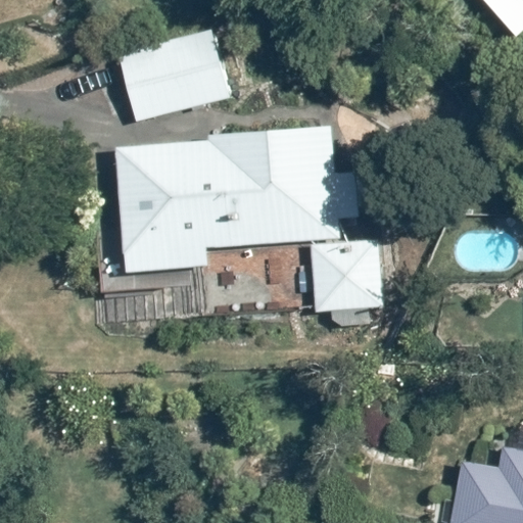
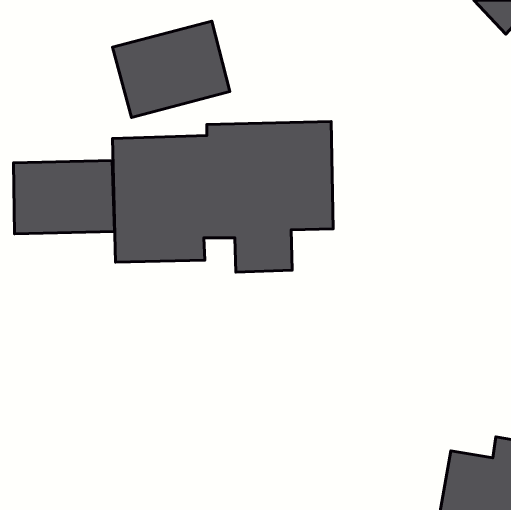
building: none -> [13,161,114,234]
building: [306,239,390,314] -> none

